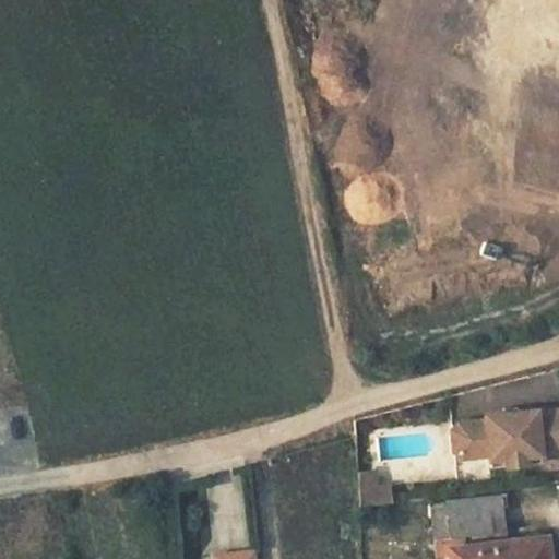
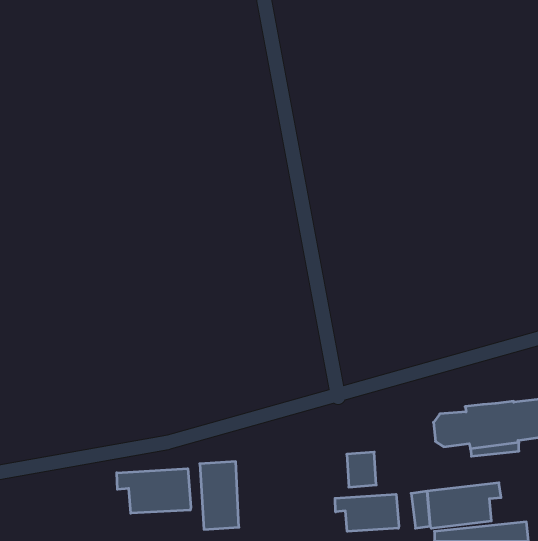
building: none -> [117,469,191,513]
building: none -> [335,494,399,531]

